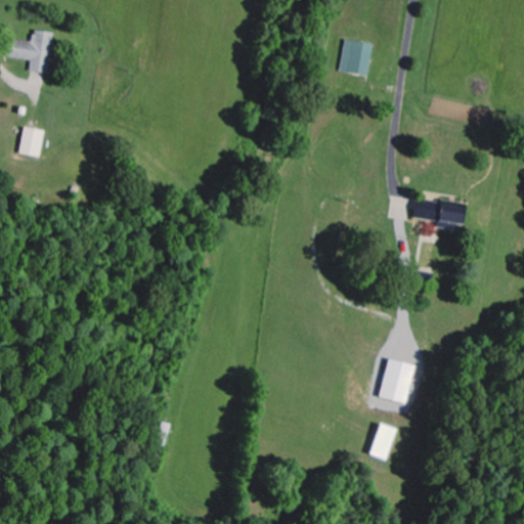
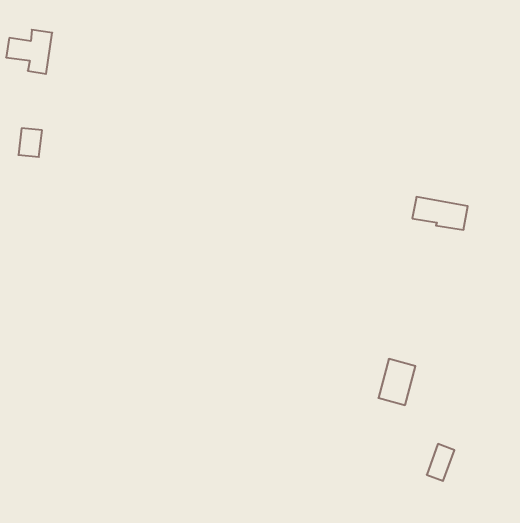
building: [340,40,370,75] -> none
building: [368,424,396,461] -> [427,444,454,481]

